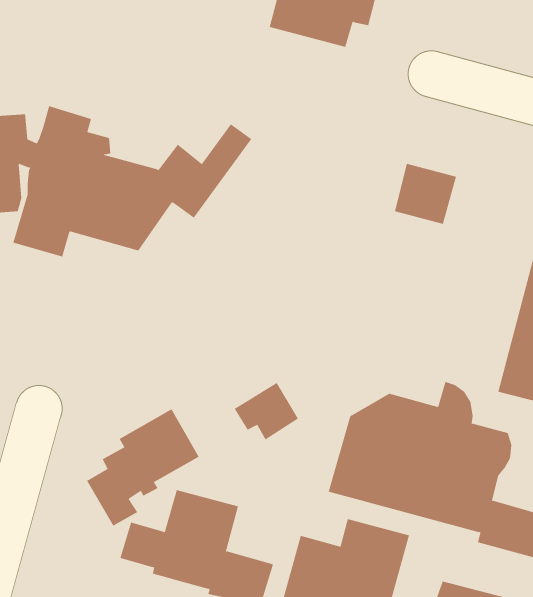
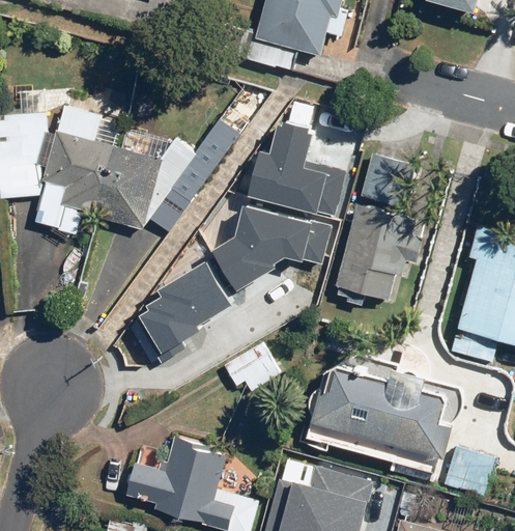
building: none -> [255,125,345,207]
building: none -> [217,202,331,283]
building: none -> [328,202,423,313]
building: [86,409,199,527] -> [140,255,237,357]

